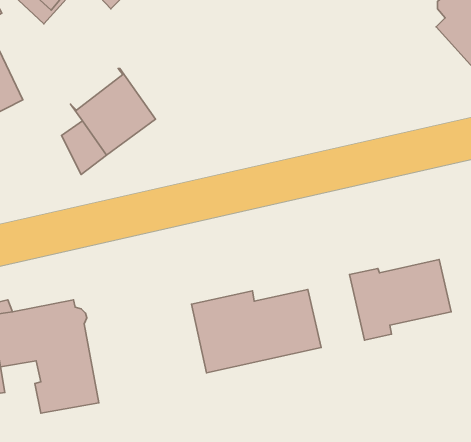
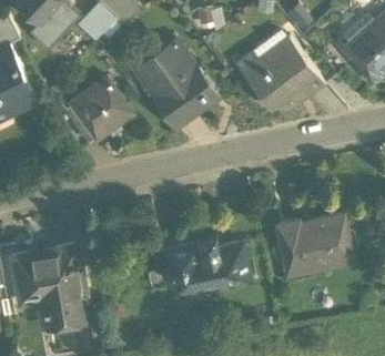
building: none -> [239,37,324,111]
building: none -> [133,45,211,130]

